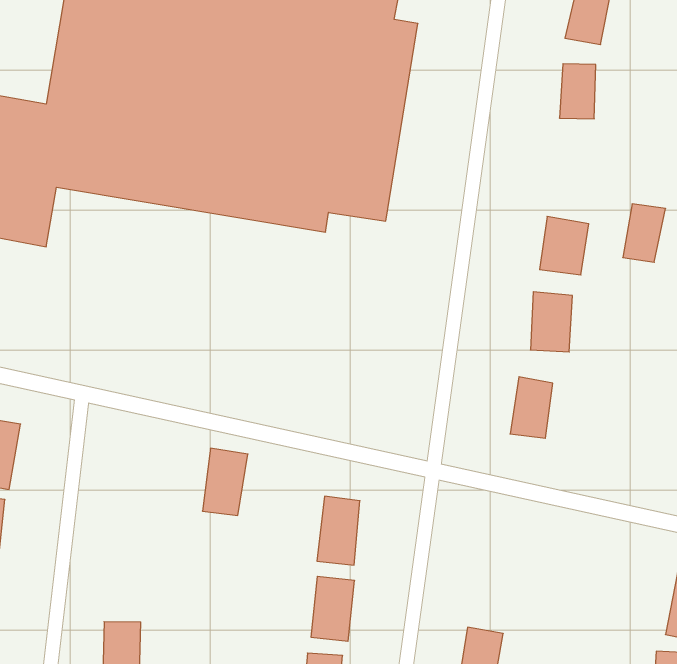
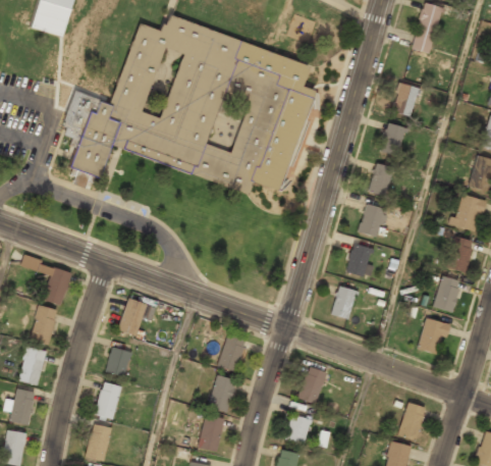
building: [623,204,666,262] -> [369,163,395,196]
building: [202,448,248,515] -> [118,299,147,336]
building: none -> [297,366,327,405]
building: none -> [105,347,133,377]

